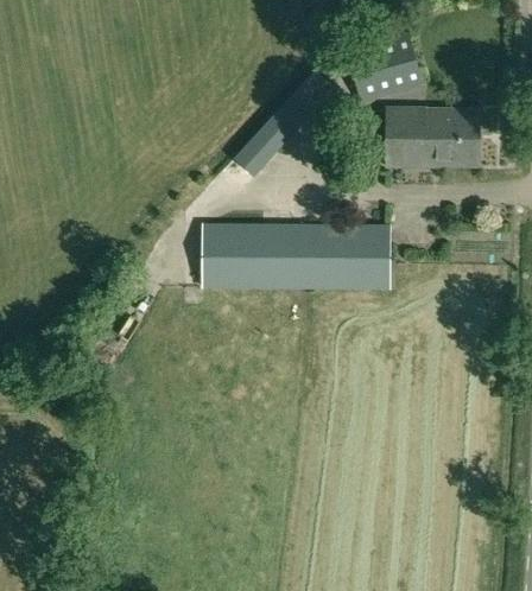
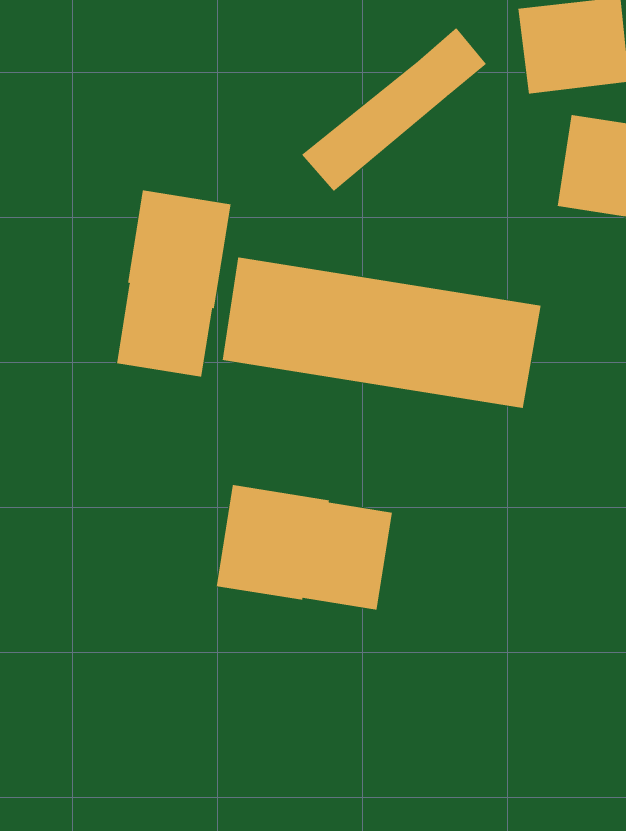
building: none -> [116,189,231,377]
building: none -> [216,484,393,610]

